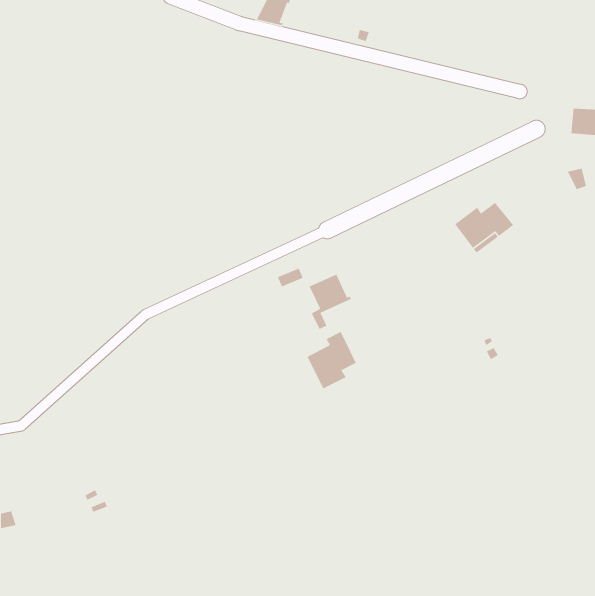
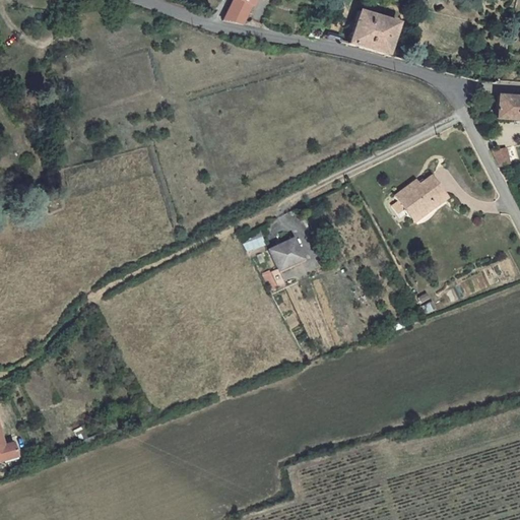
building: none -> [351,9,400,53]
building: [306,331,357,390] -> none

